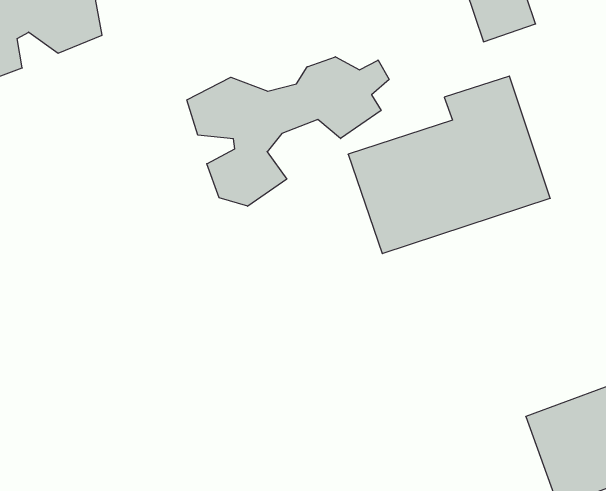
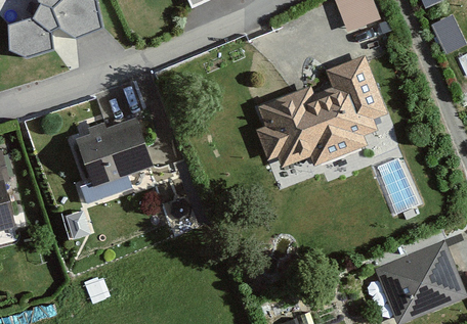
building: [187,57,389,206] -> none
building: none -> [71,118,148,189]

